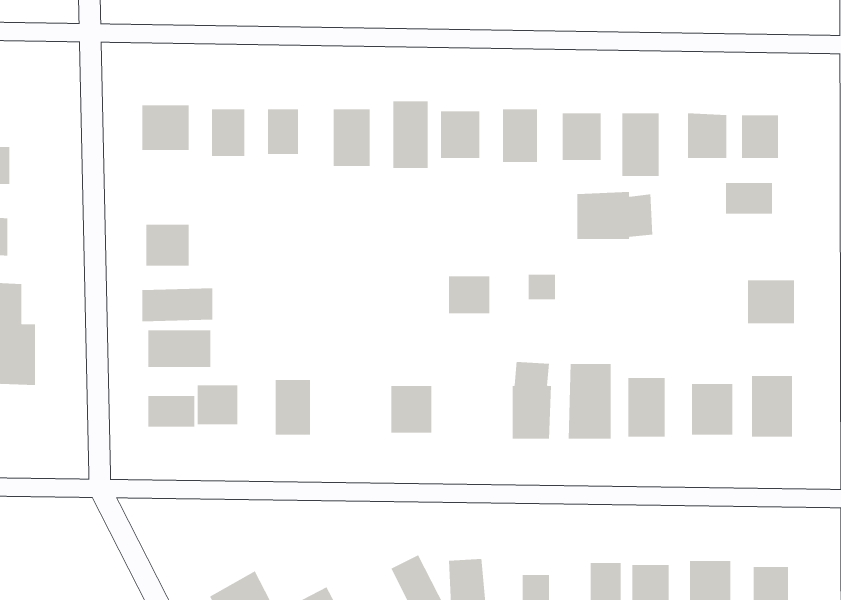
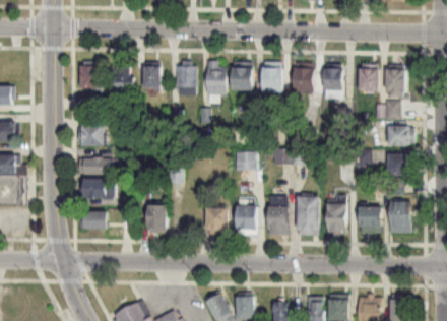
building: [577,191,653,240] -> none
building: none -> [387,125,411,145]
building: none -> [237,201,255,234]
building: [197,385,238,425] -> none

